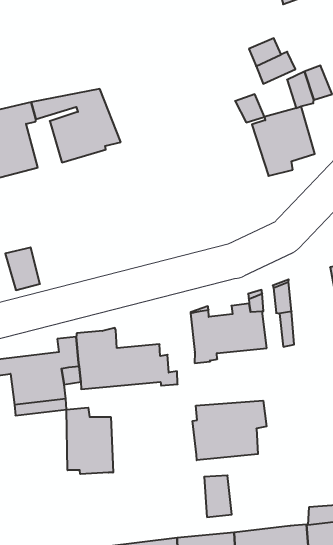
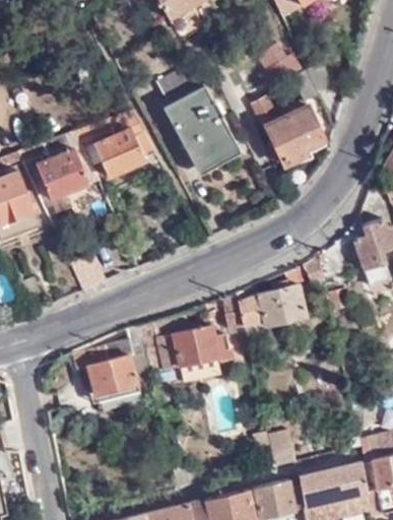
building: none -> [151,67,237,175]
building: [193,401,267,460] -> none
building: [67,408,113,474] -> none

